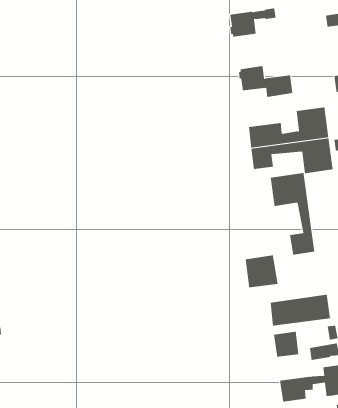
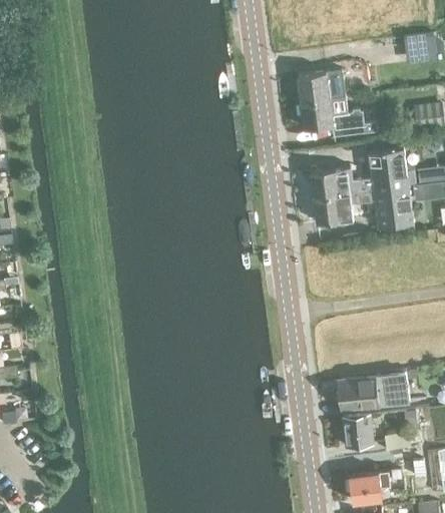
building: [230,8,276,37] -> [298,68,354,103]
building: [270,172,315,256] -> none
building: [245,254,278,288] -> none

